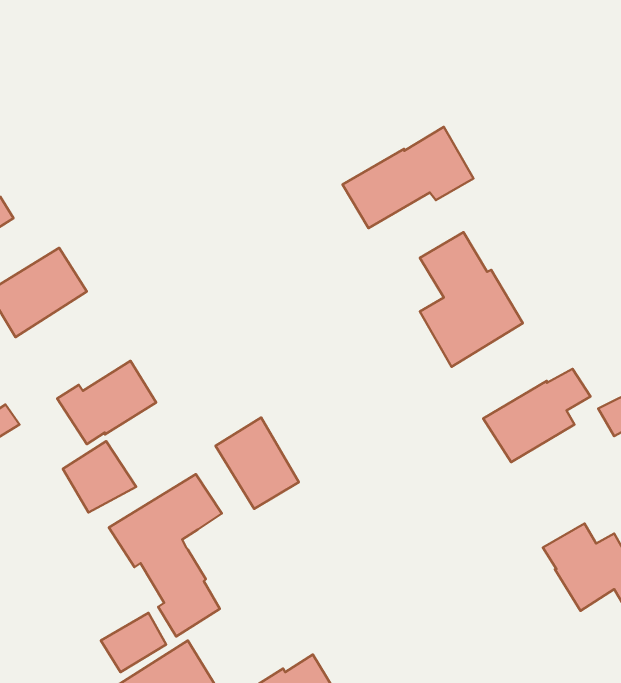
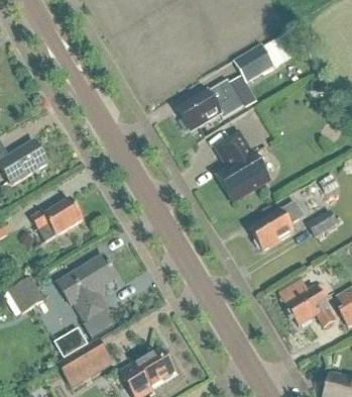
building: none -> [234,41,275,81]
building: [215,418,299,509] -> none
building: [63,441,136,513] -> [7,276,44,312]

